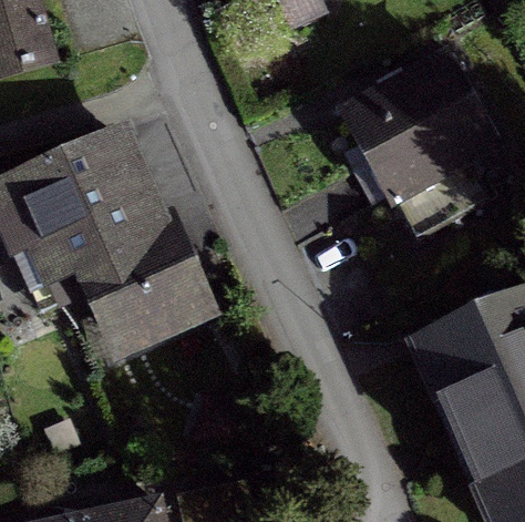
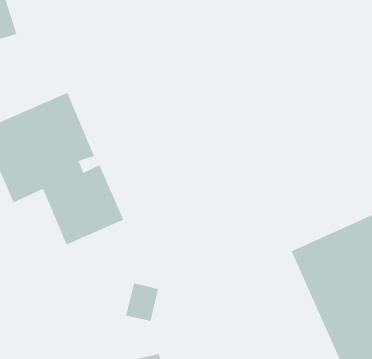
building: [341,59,495,238] -> none

